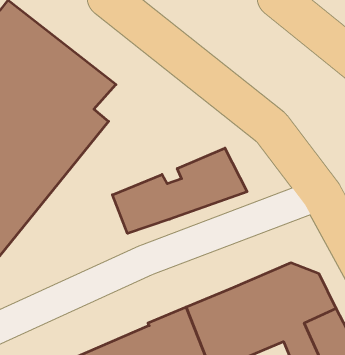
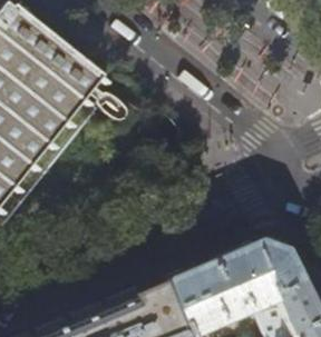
building: [112,148,247,233] -> none

